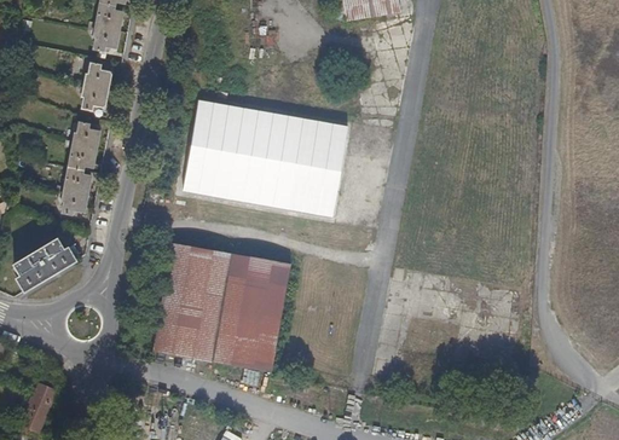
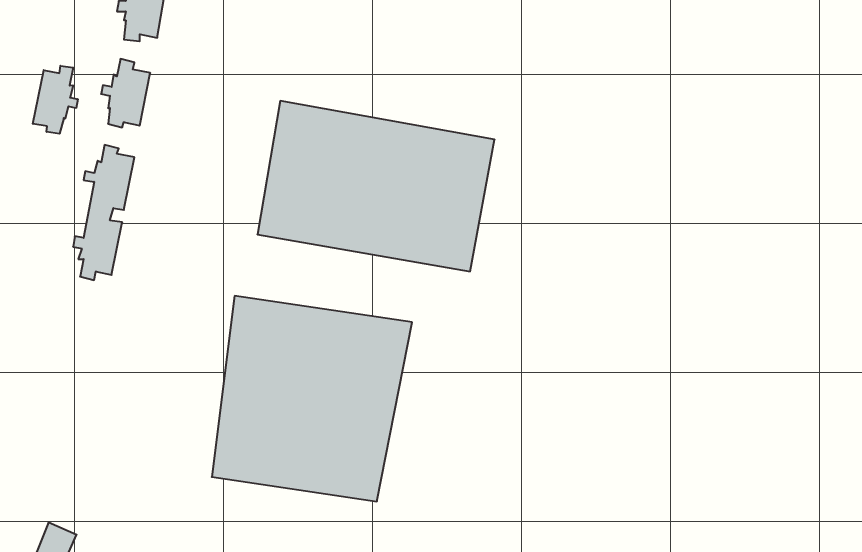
building: none -> [33,66,78,134]
building: [15,244,76,296] -> none

